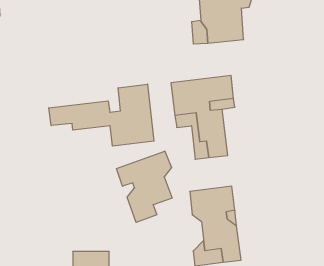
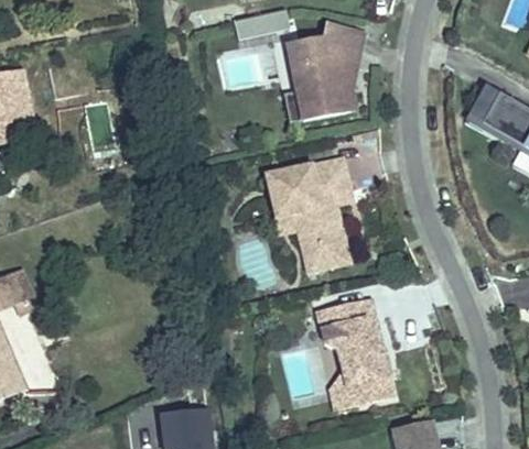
building: [49,84,154,146] -> none
building: [116,151,172,222] -> none

